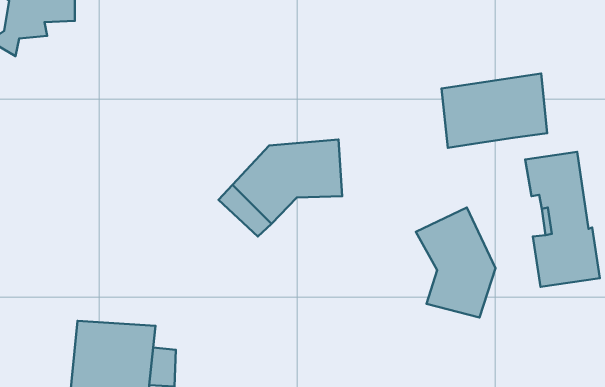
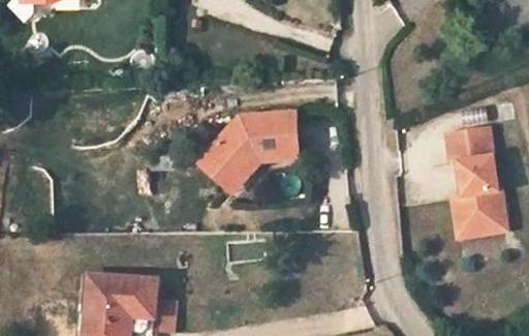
building: [442,74,547,148] -> none
building: [416,208,495,317] -> none

